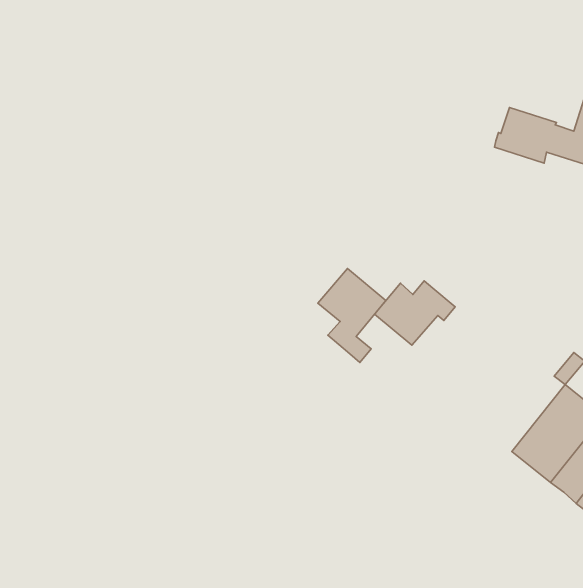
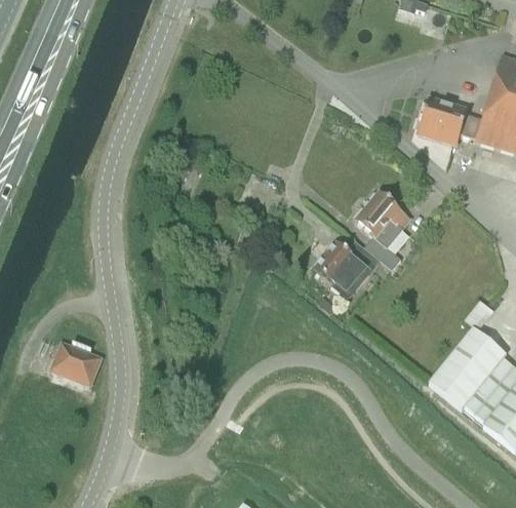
building: [318,268,386,362] -> [356,193,412,271]
building: none -> [53,346,101,385]

